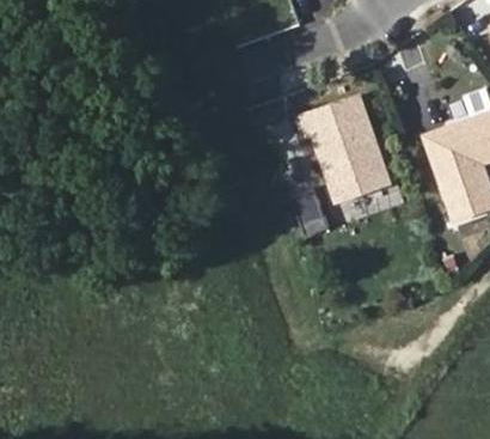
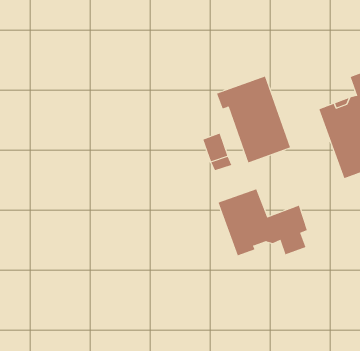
building: none -> [218,188,307,256]

